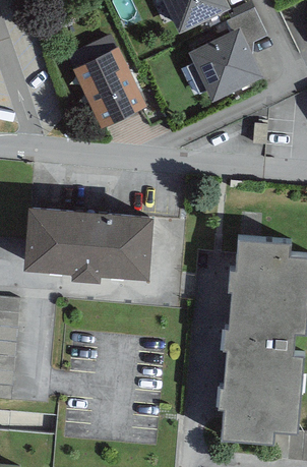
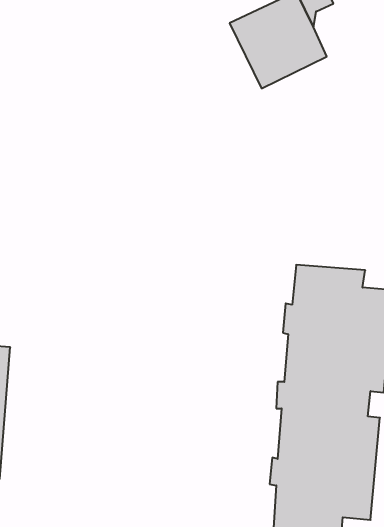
building: [72,48,145,128] -> none
building: [23,207,152,277] -> none

